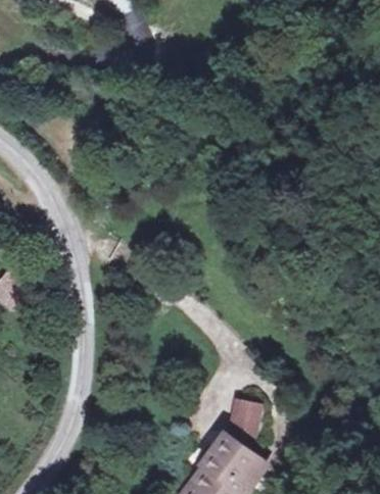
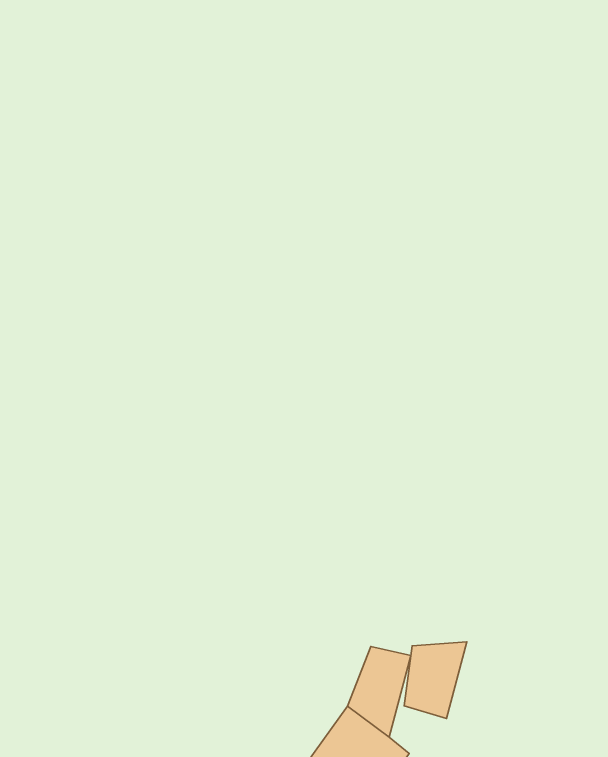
building: none -> [404,642,467,719]

